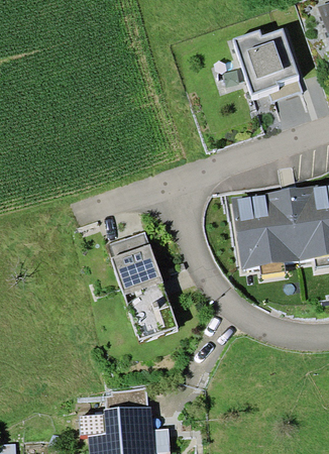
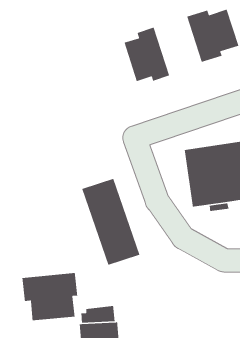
building: none -> [124,26,170,82]
building: none -> [22,272,78,321]

